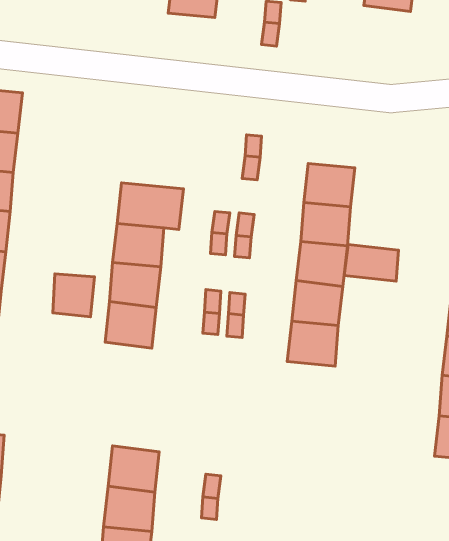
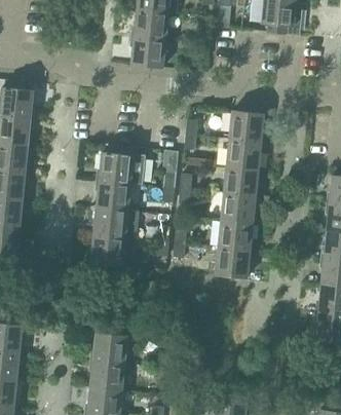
building: none -> [131,36,165,67]
building: none -> [229,110,264,142]
building: [344,245,399,281] -> none
building: [53,274,94,317] -> none

